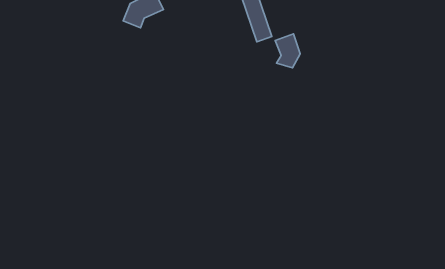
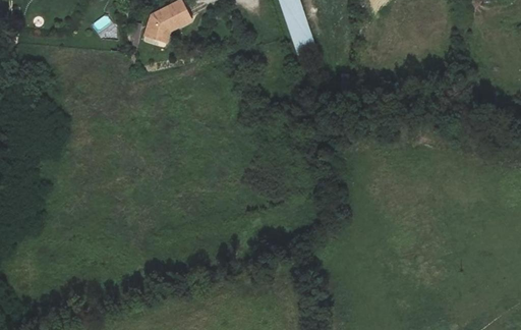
building: [275,34,300,68] -> none

